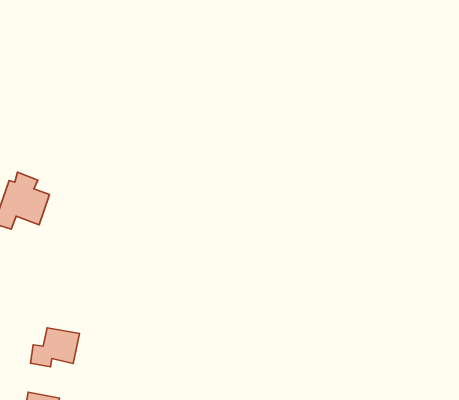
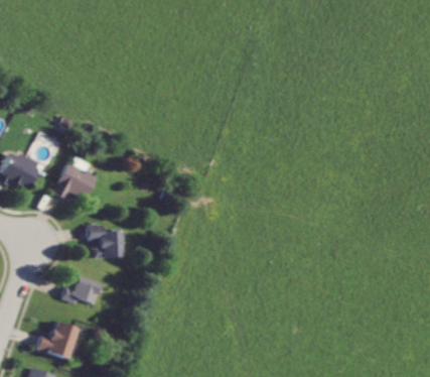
building: none -> [90,224,124,257]

